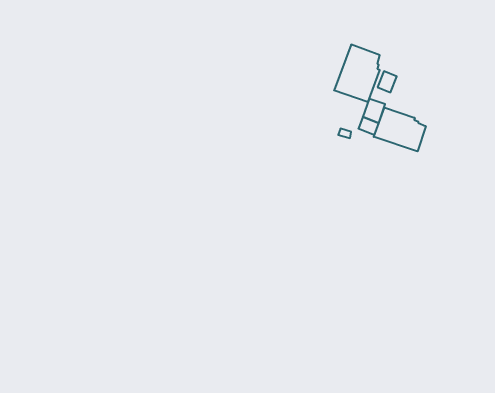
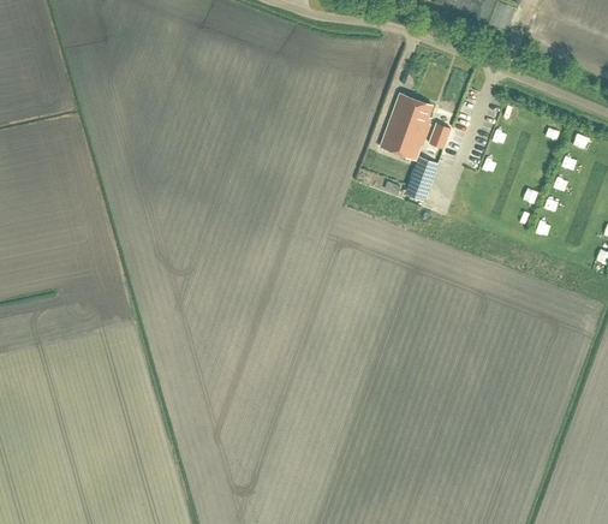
building: [374,107,426,151] -> none

